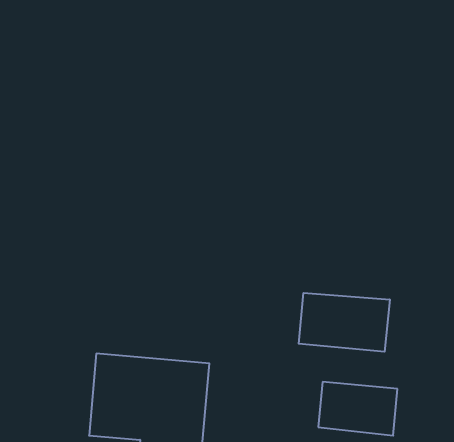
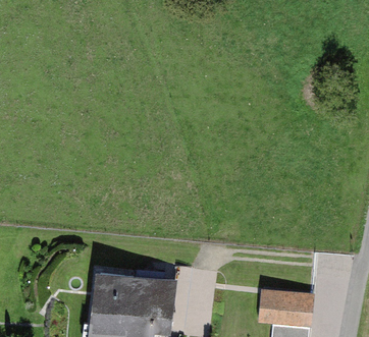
building: [299,293,390,352] -> none

